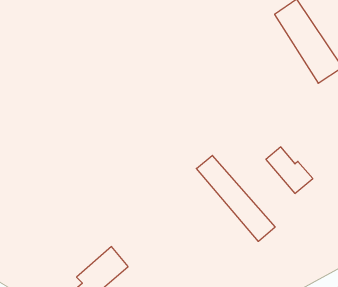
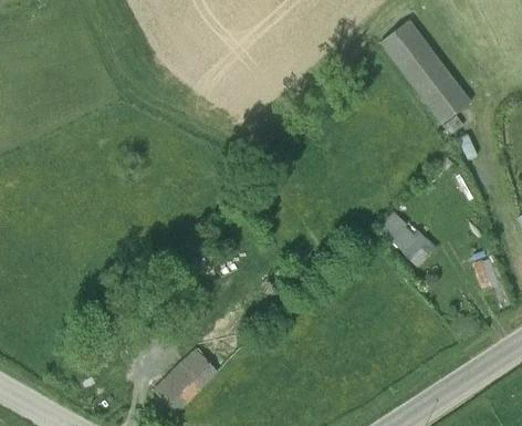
building: [196,155,275,241] -> none

